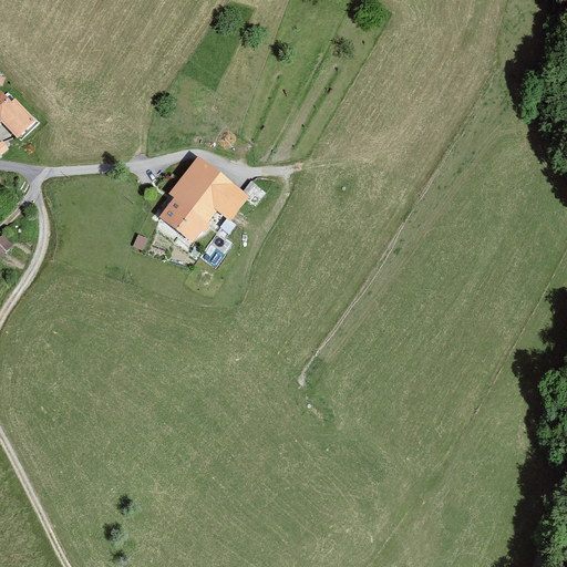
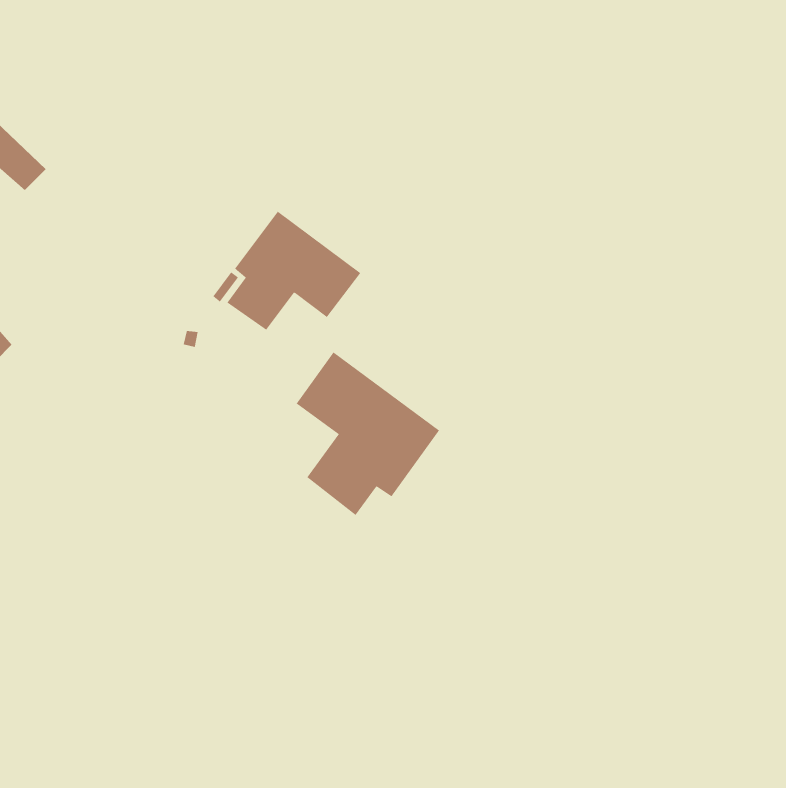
building: none -> [296,352,440,516]

